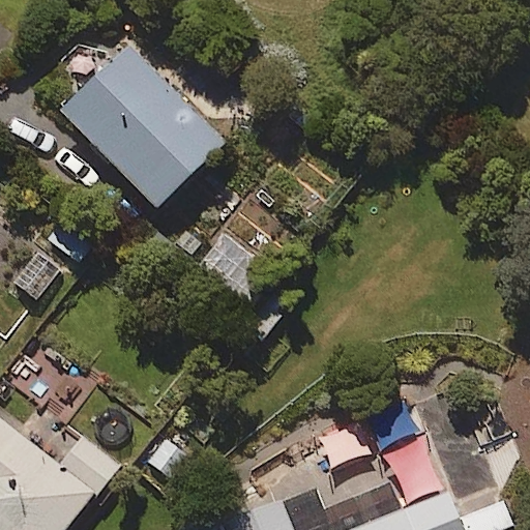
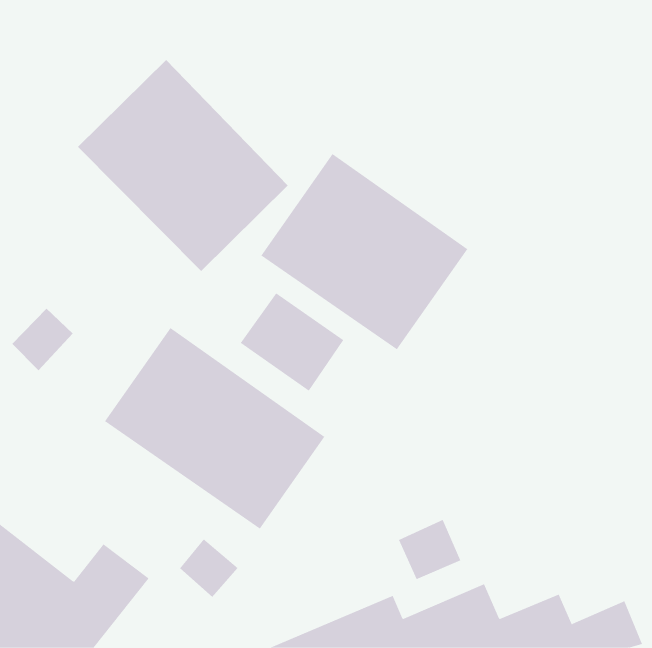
building: none -> [260,153,468,350]
building: none -> [104,327,325,530]

